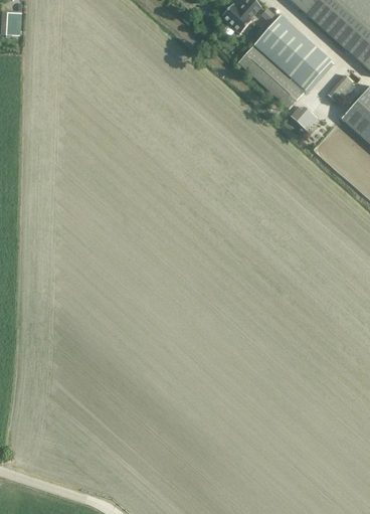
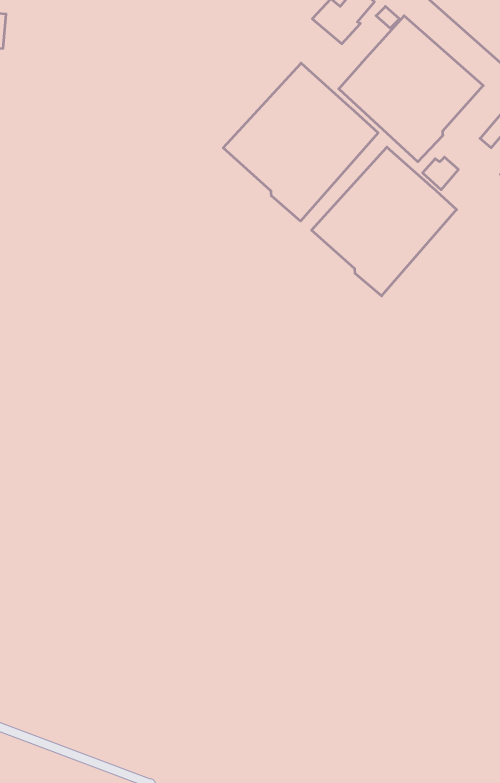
building: none -> [223,63,378,221]
building: none -> [312,147,457,296]

